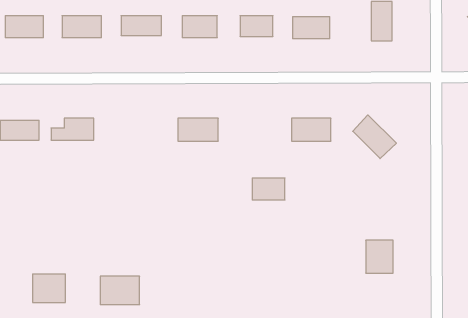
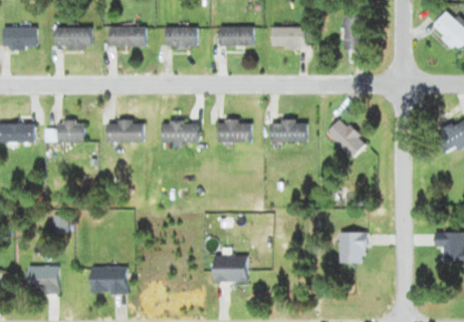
building: none -> [109,120,146,141]
building: [252,178,285,200] -> [220,121,250,141]
building: none -> [217,255,244,281]

